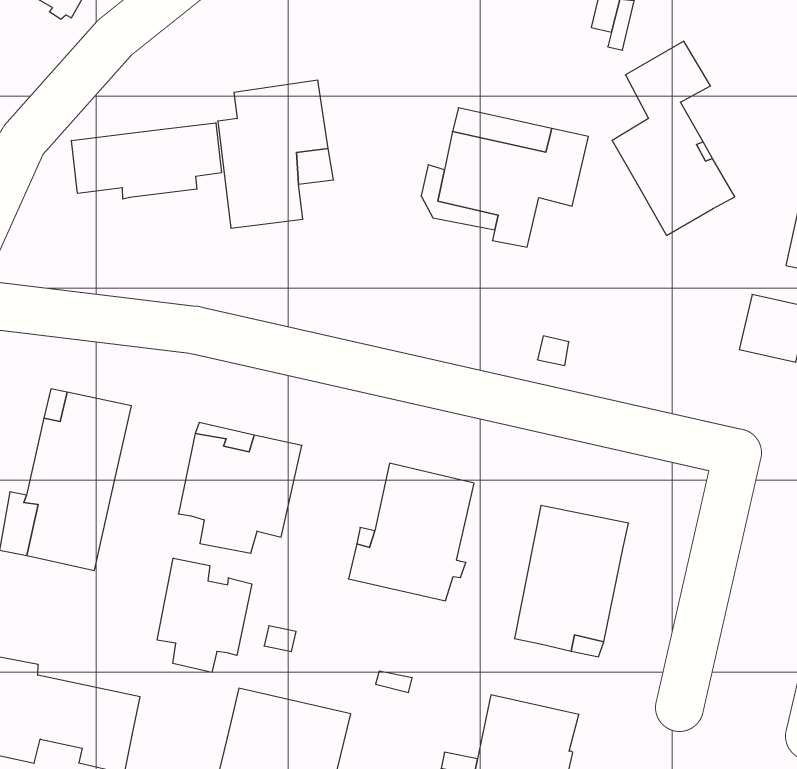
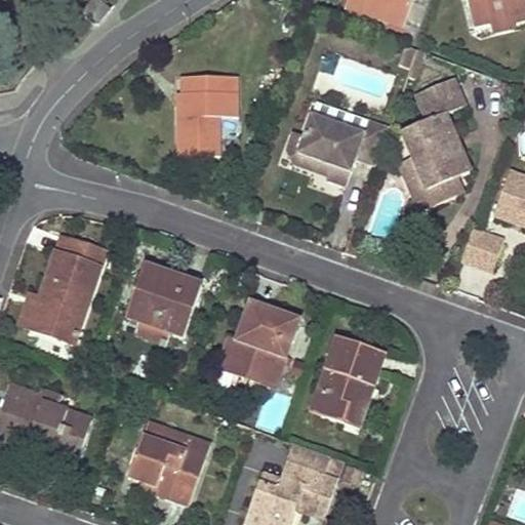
building: [71,123,221,199] -> none
building: none -> [397,157,463,214]
building: [157,558,252,672] -> none

